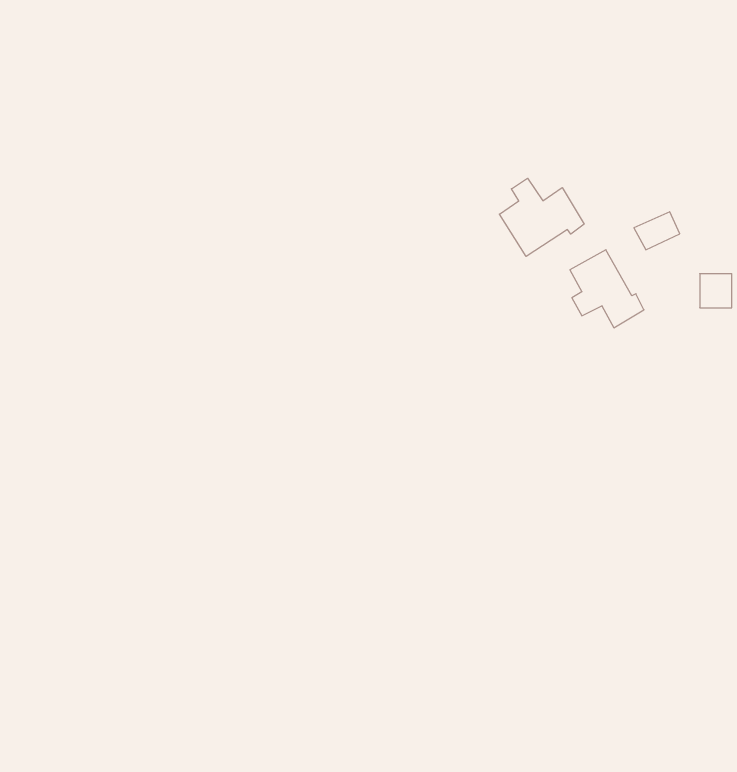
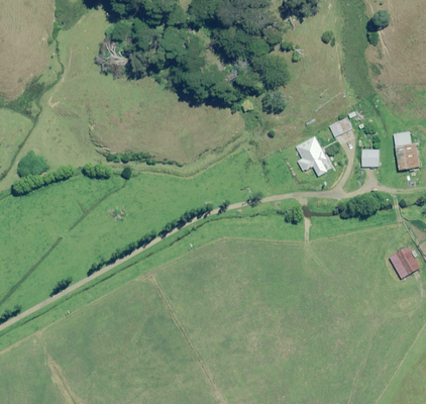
building: [499,178,584,256] -> none

